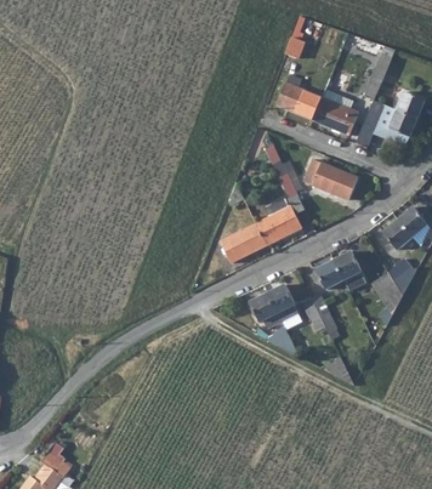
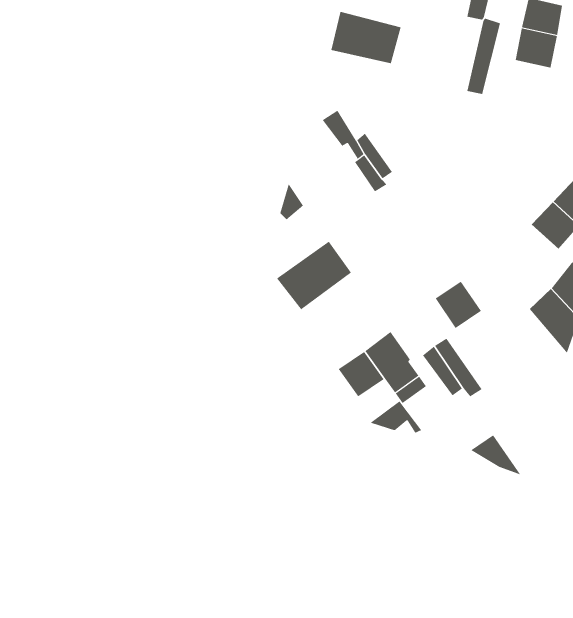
building: [312,97,358,135] -> none
building: [303,158,358,199] -> none
building: [256,205,302,244] -> none
building: [334,250,366,291] -> none

